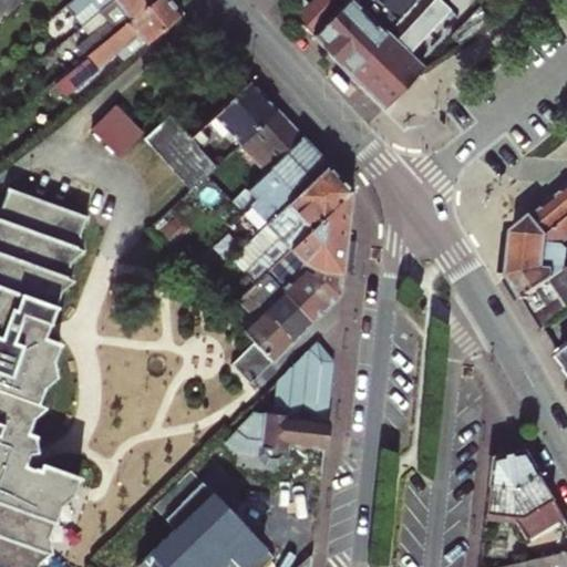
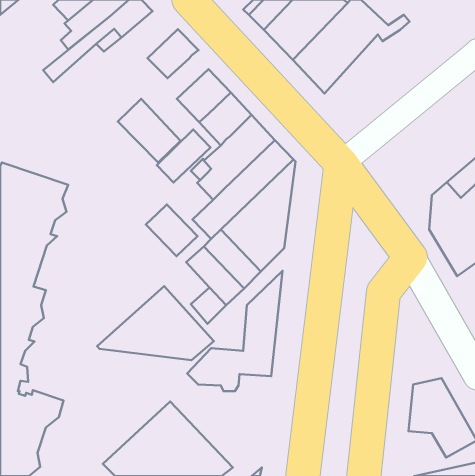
building: none -> [148,29,198,78]
building: [91,110,142,161] -> none
building: none -> [157,130,210,182]
building: none -> [146,205,198,256]
building: none -> [97,286,214,360]

